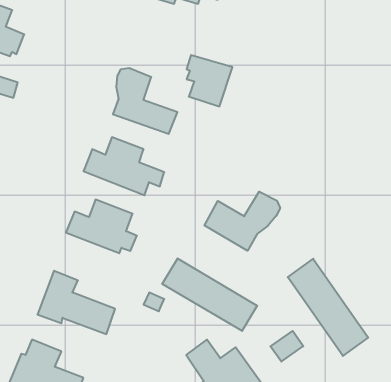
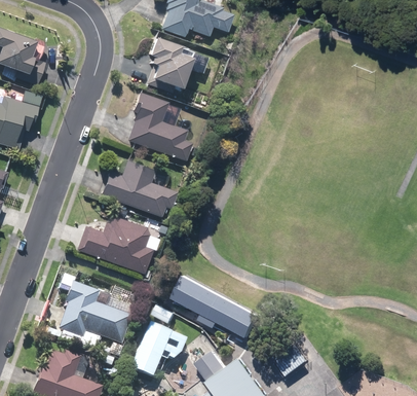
building: [187,55,232,106] -> [150,39,193,87]
building: [204,192,280,251] -> none
building: [288,259,368,356] -> none
building: none -> [130,324,186,381]

